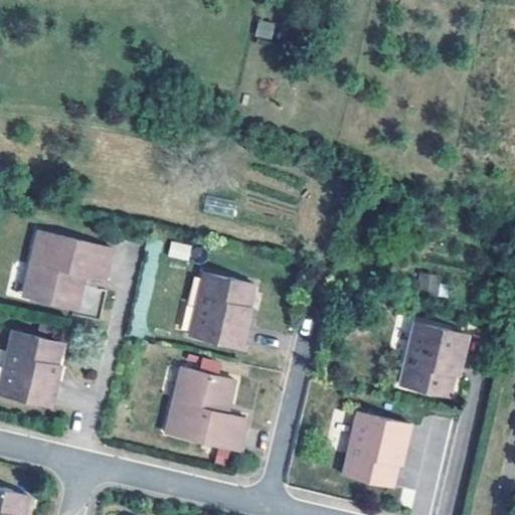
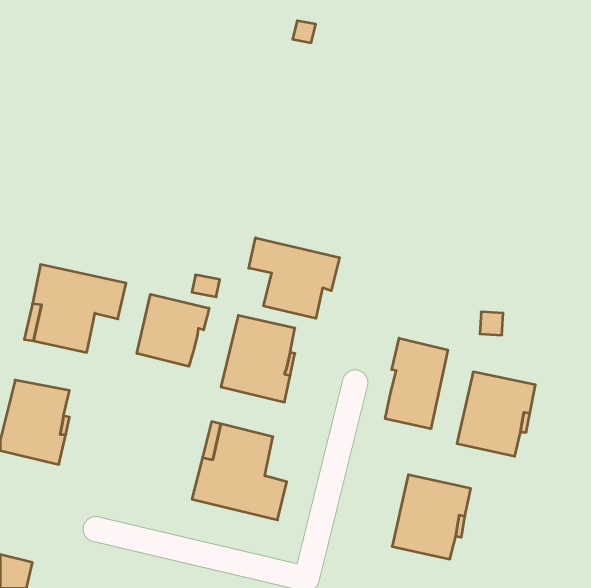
building: none -> [249,238,340,318]
building: none -> [137,294,209,366]
building: none -> [385,338,448,429]

